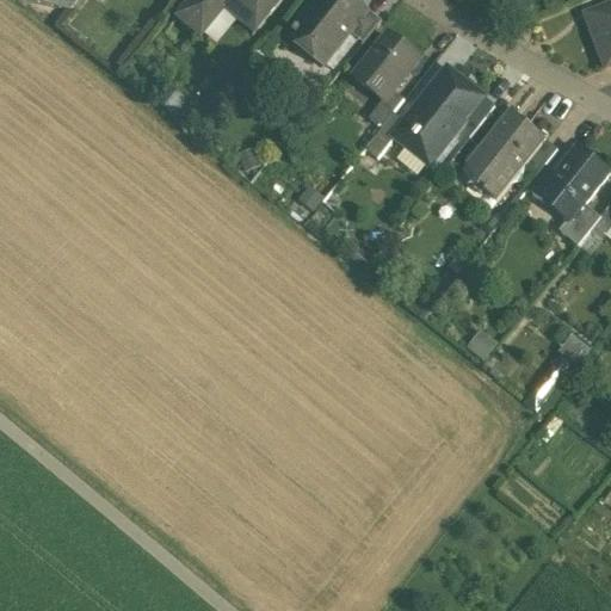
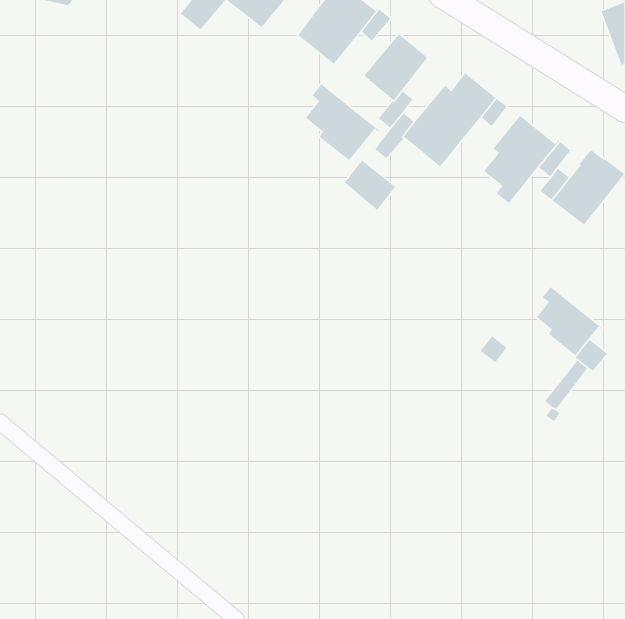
building: none -> [305,83,380,161]
building: none -> [344,160,396,211]
building: [561,202,600,243] -> none
building: none -> [536,286,603,356]

